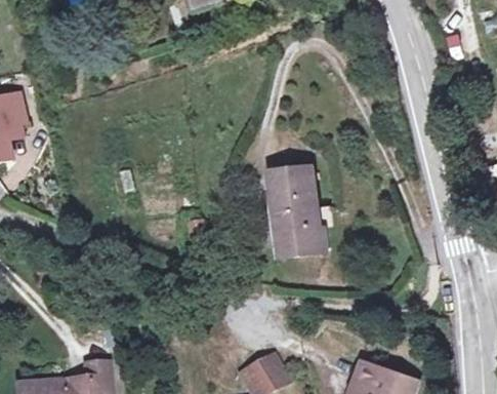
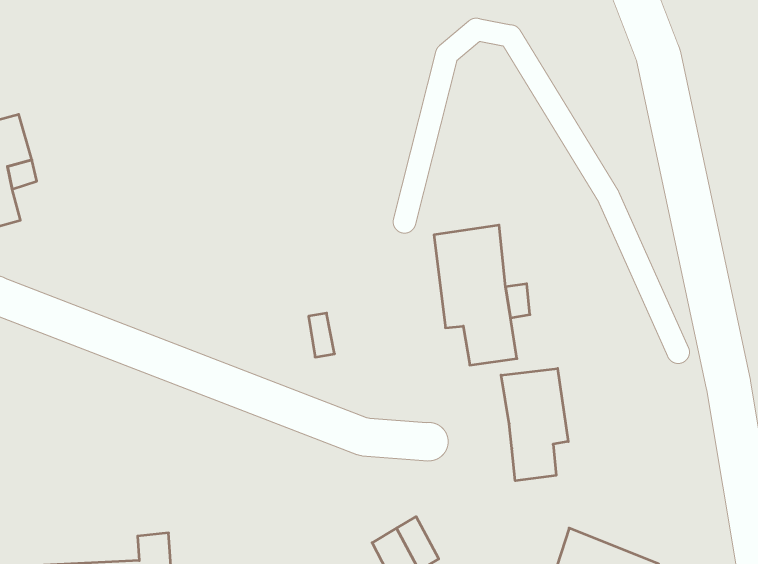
building: none -> [501,368,568,481]

